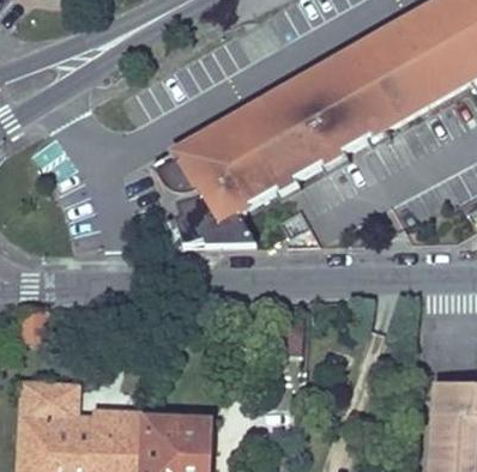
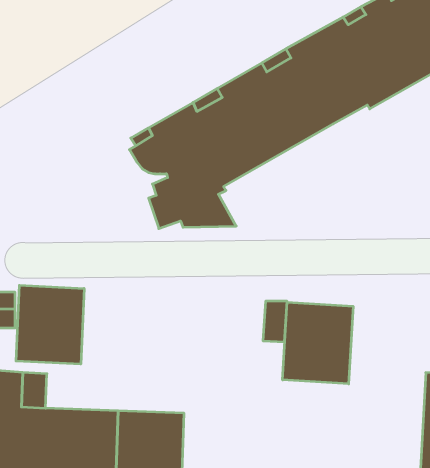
building: none -> [16,285,84,364]
building: none -> [283,302,353,384]

